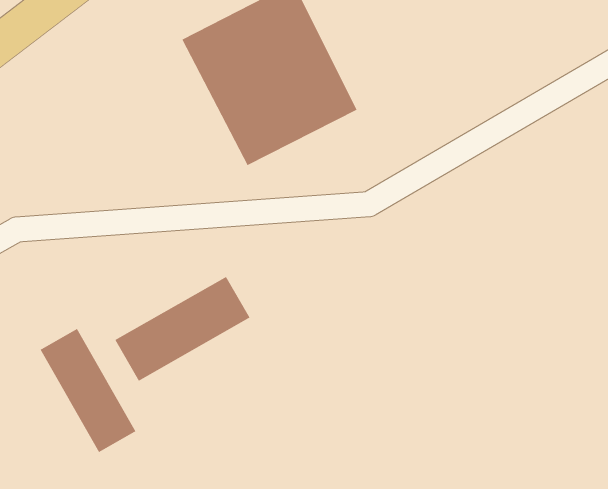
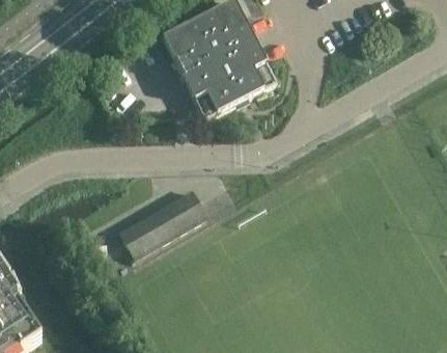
building: [40,328,136,453] -> none

